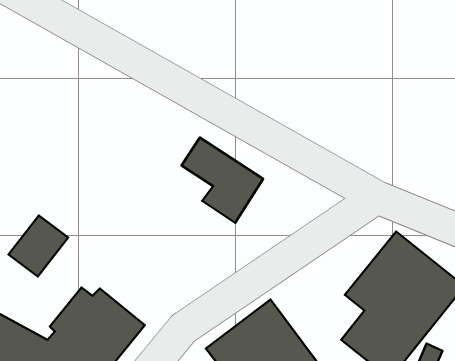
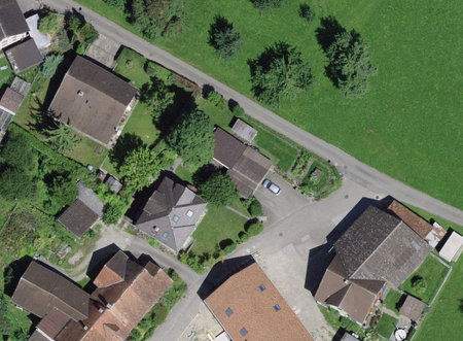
building: none -> [49,58,140,146]
building: none -> [142,180,217,257]

